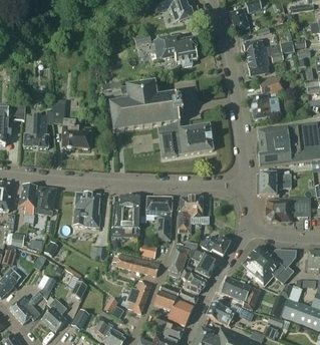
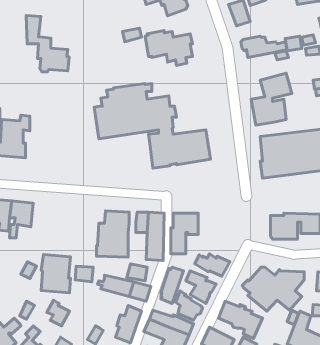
building: [246,55,269,76] -> none
building: [53,99,91,149] -> [26,16,69,72]
building: [257,172,292,195] -> none
building: [75,193,101,227] -> [41,254,71,293]

